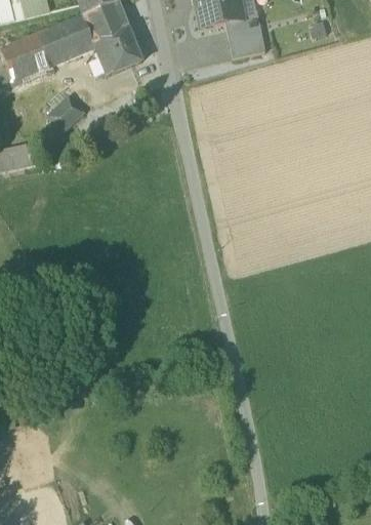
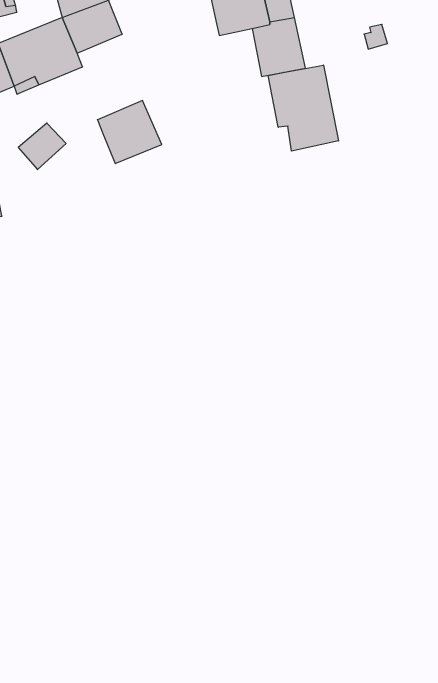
building: [95,26,143,73] -> [97,101,162,164]
building: none -> [268,65,339,151]

